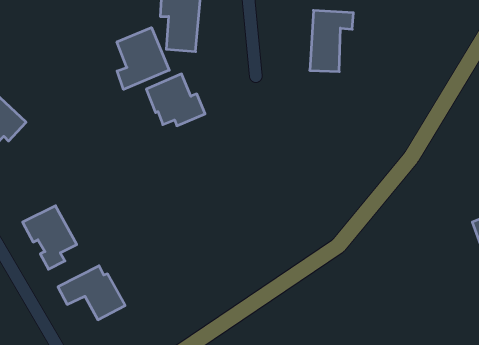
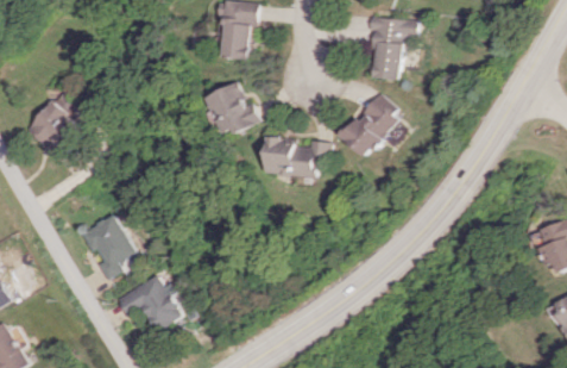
building: [117,28,169,89] -> none
building: none -> [342,92,401,156]
building: none -> [264,138,333,176]

